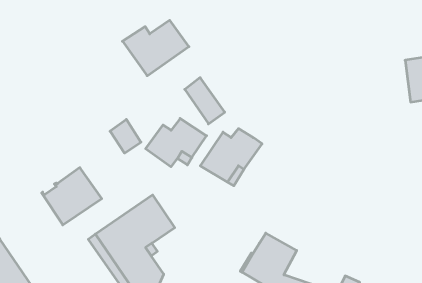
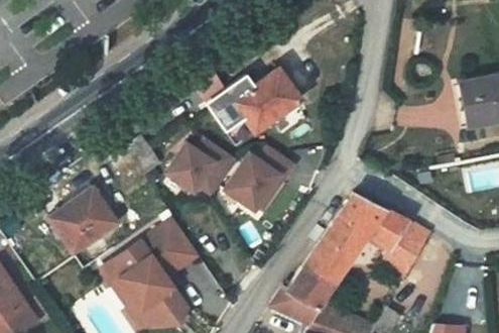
building: [122,20,189,76] -> [227,68,300,129]
building: none -> [299,185,421,283]

